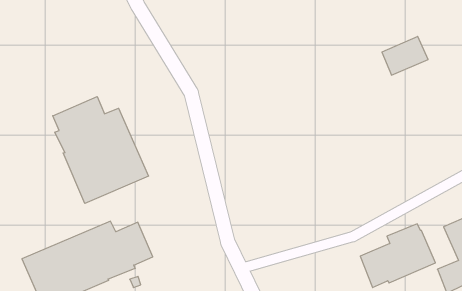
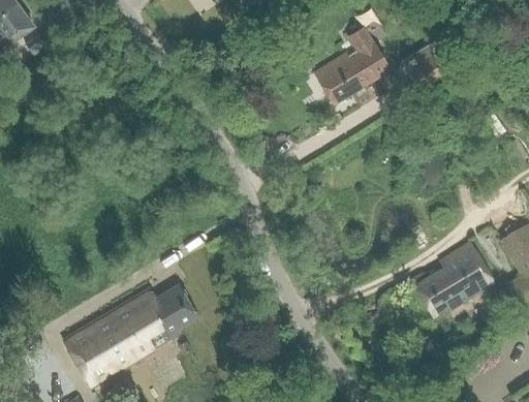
building: none -> [315,28,392,103]
building: [53,97,148,203] -> none

